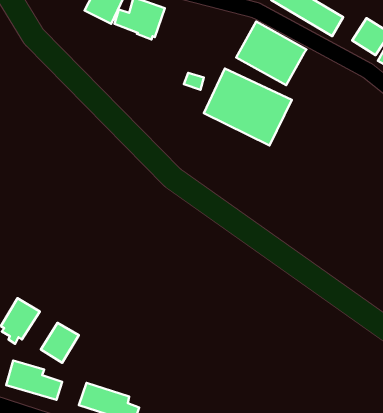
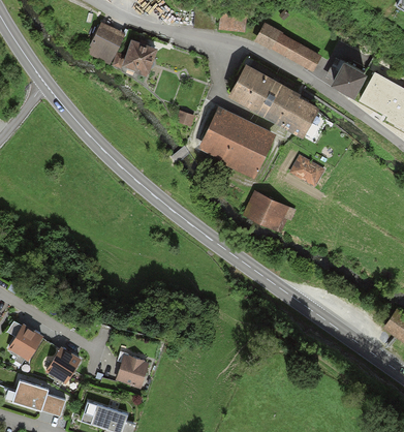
building: none -> [273,93,317,140]
building: none -> [289,157,323,187]
building: none -> [241,192,287,234]
building: none -> [115,352,152,388]

